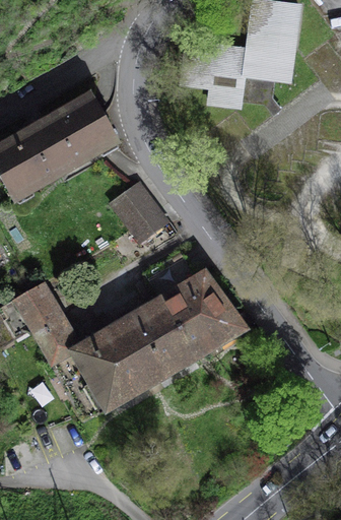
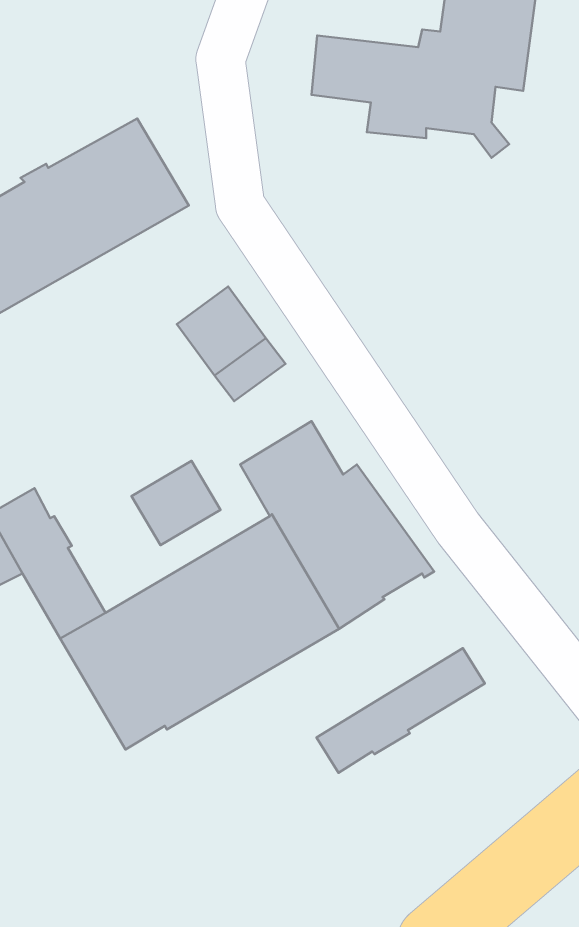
building: none -> [131,461,221,545]
building: none -> [317,648,485,773]

